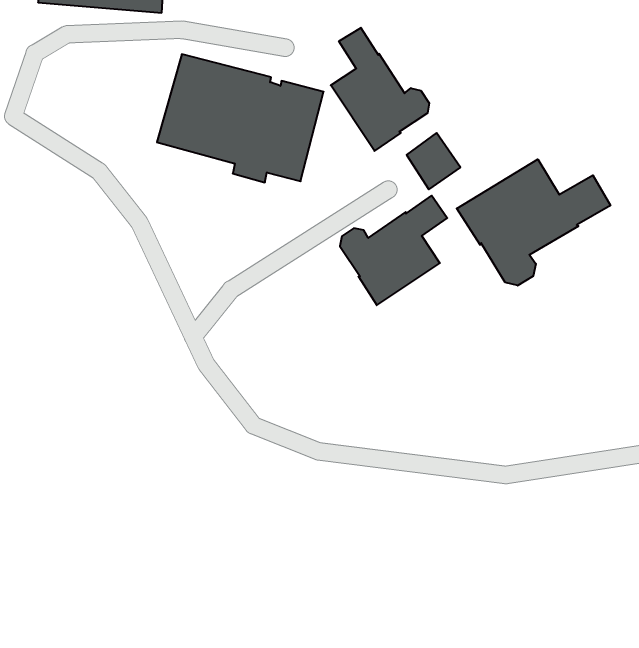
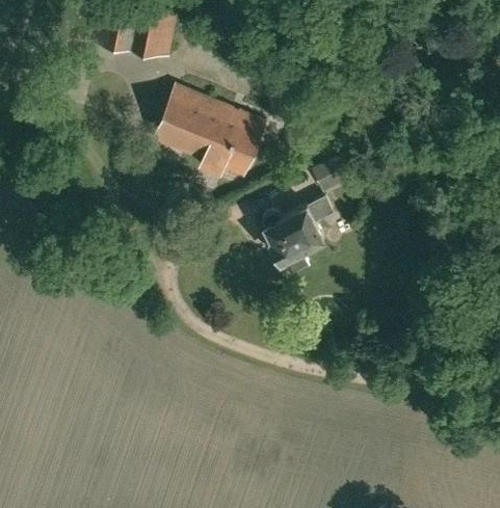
building: [331,28,429,151] -> none
building: [457,159,610,286] -> none

